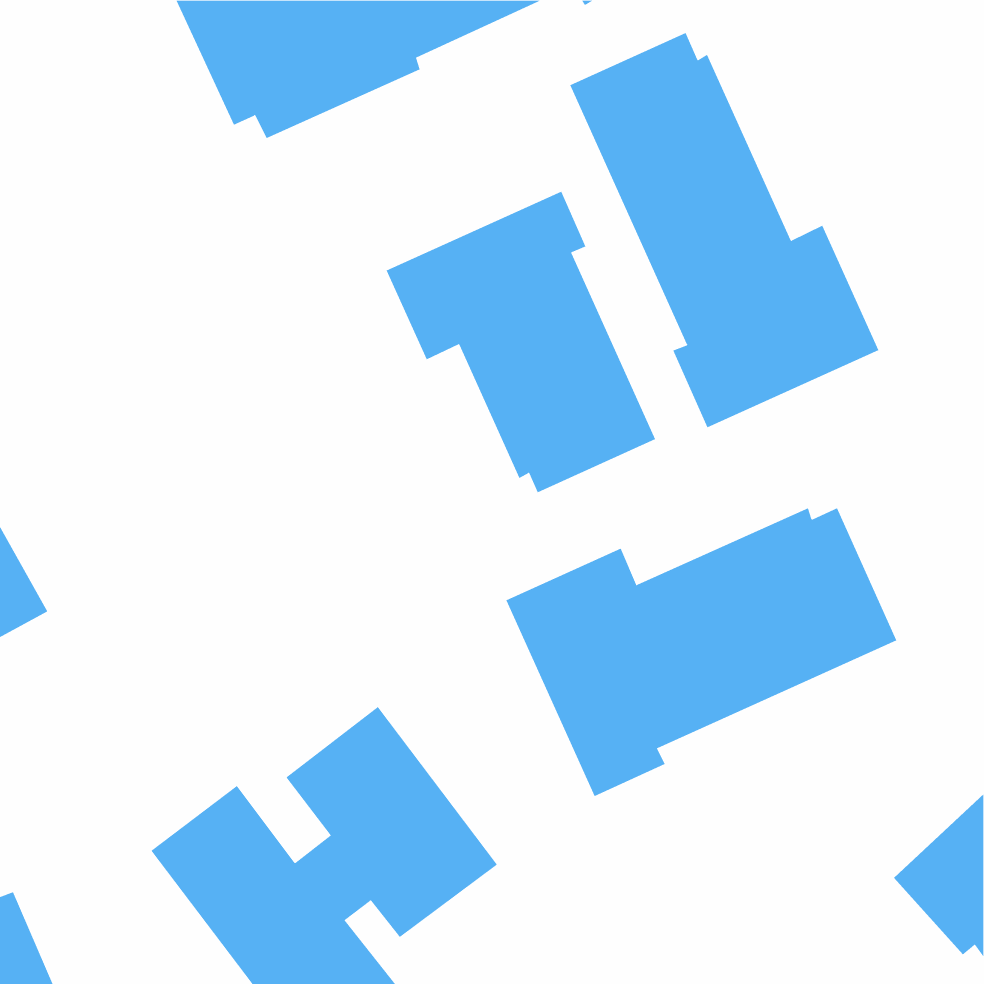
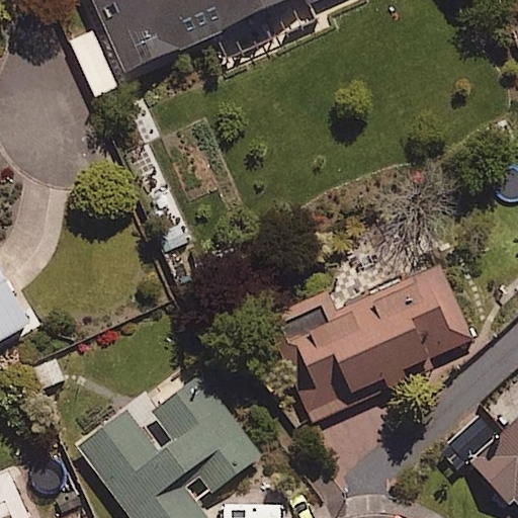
building: [569,32,879,428] -> none
building: [386,191,656,493] -> none

